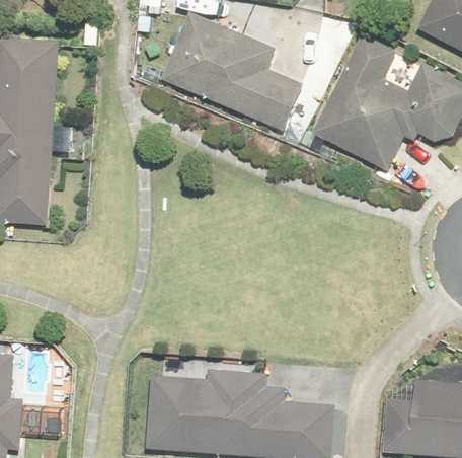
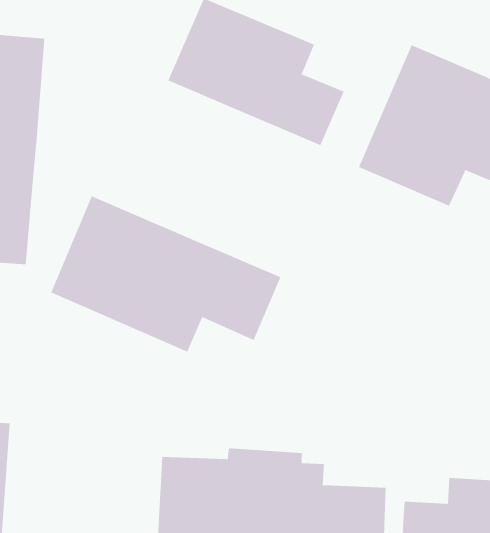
building: none -> [50,196,281,352]

